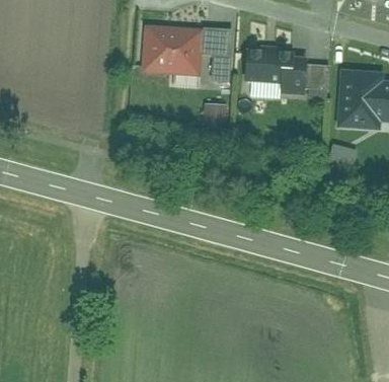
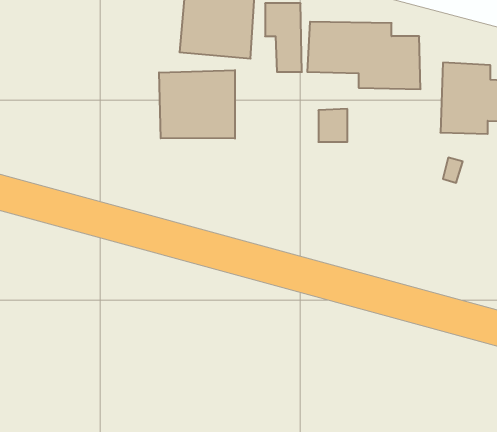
building: none -> [159,70,235,139]
building: [204,104,226,130] -> [318,109,347,142]

